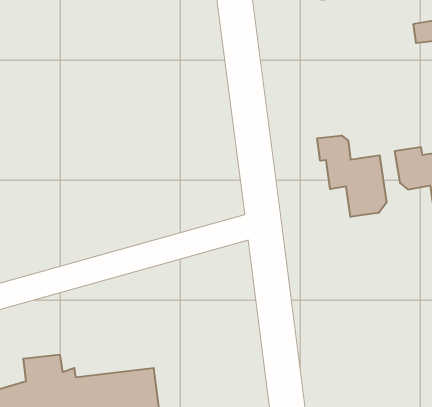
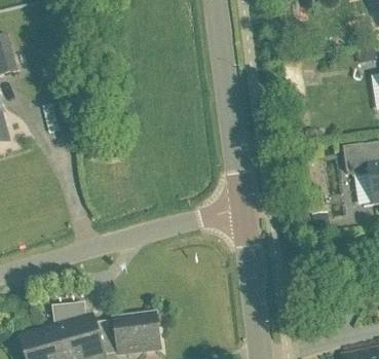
building: [317,135,386,217] -> none

